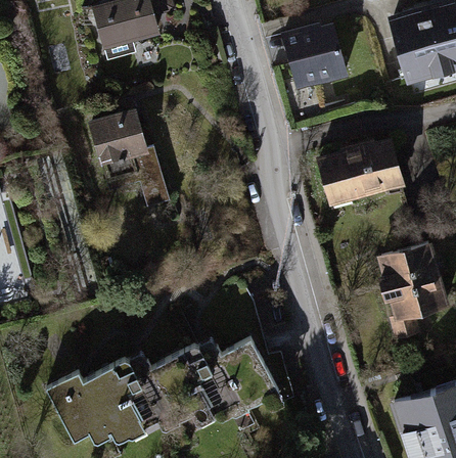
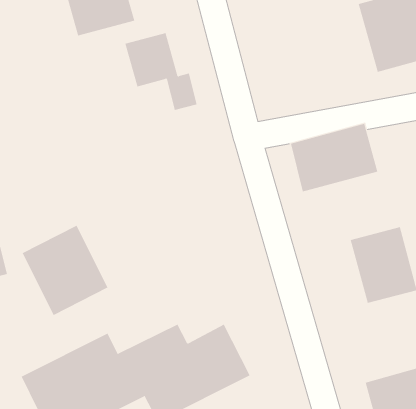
building: [283,21,345,86] -> none
building: [89,111,163,190] -> [125,32,197,110]
building: none -> [22,225,108,316]

